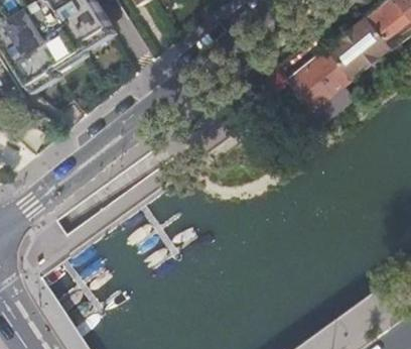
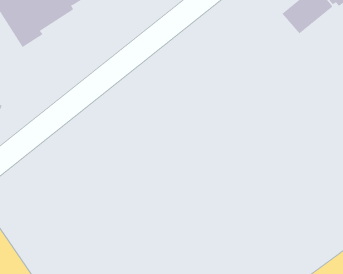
building: [288,50,353,114] -> none

